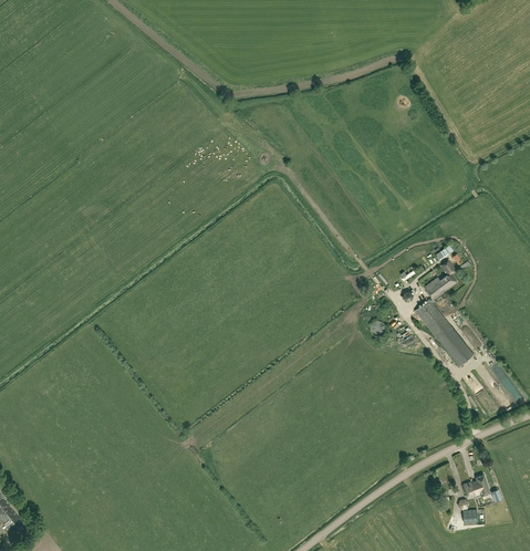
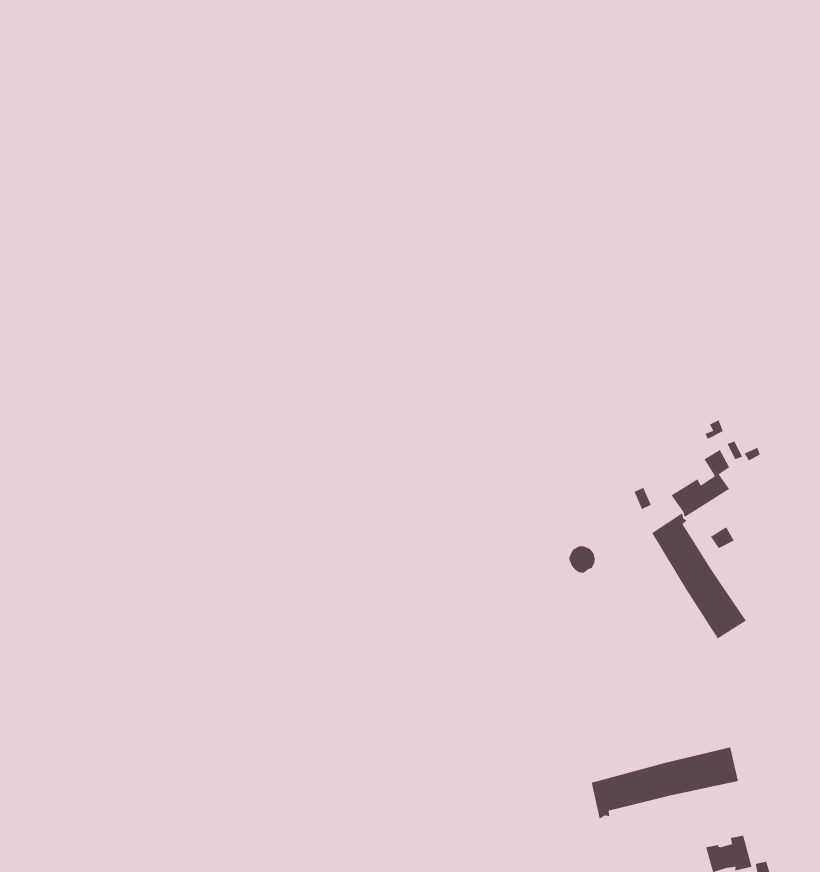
building: none -> [591,746,739,820]

